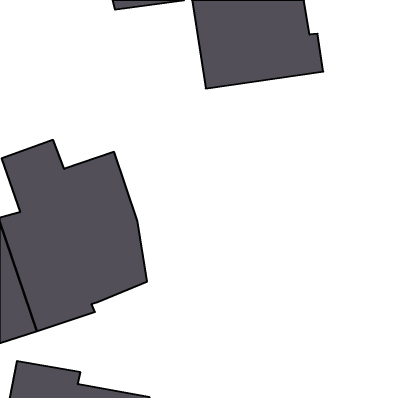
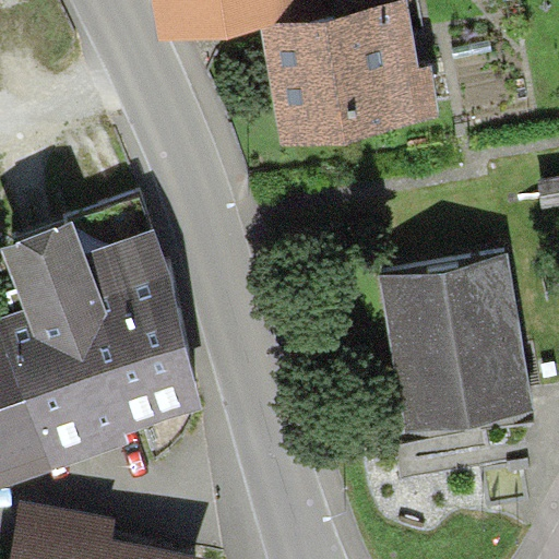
building: none -> [377,258,531,433]

